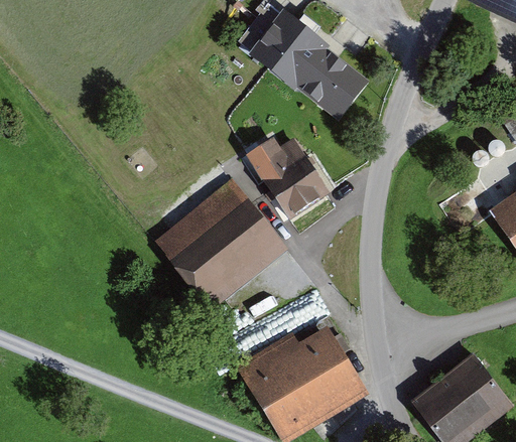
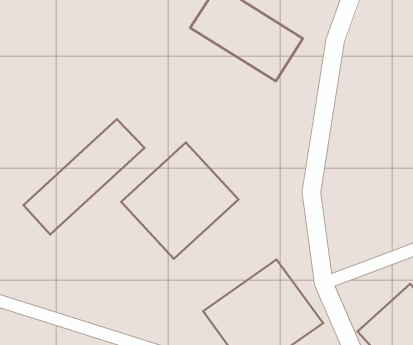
building: [249,126,335,216] -> none
building: none -> [23,119,145,234]

